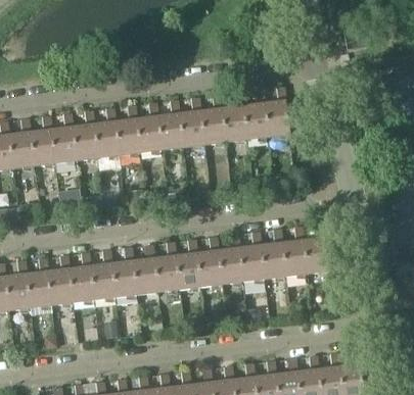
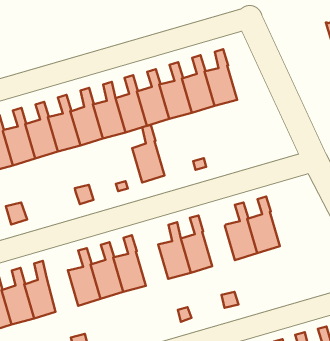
building: [304,223,329,273] -> none
building: [239,231,265,281] -> none
building: [176,238,201,289] -> [132,125,165,182]
building: [91,249,116,299] -> none

